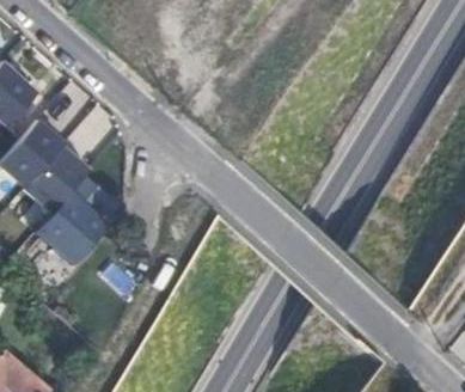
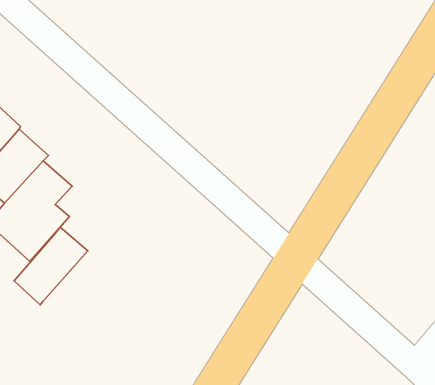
building: none -> [14,227,88,305]

